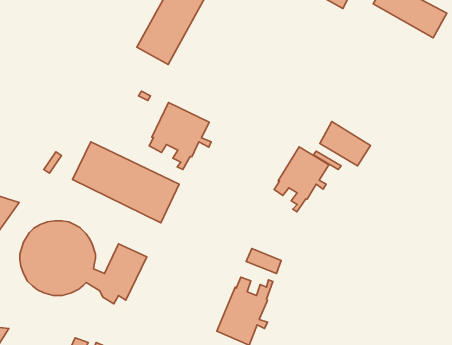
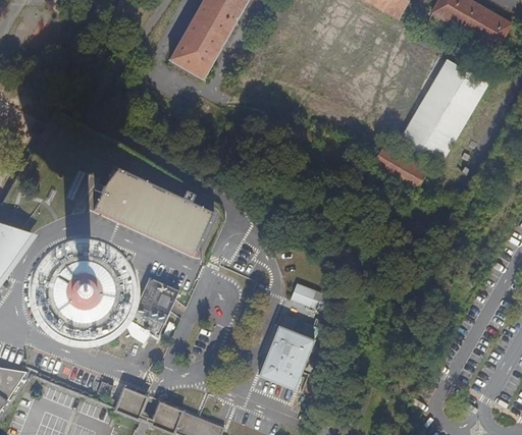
building: none -> [400,59,486,162]
building: [149,103,211,170] -> none
building: [274,147,329,212] -> none

